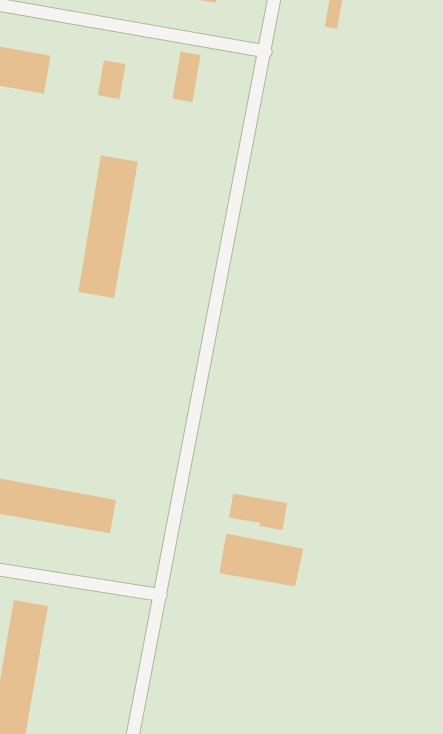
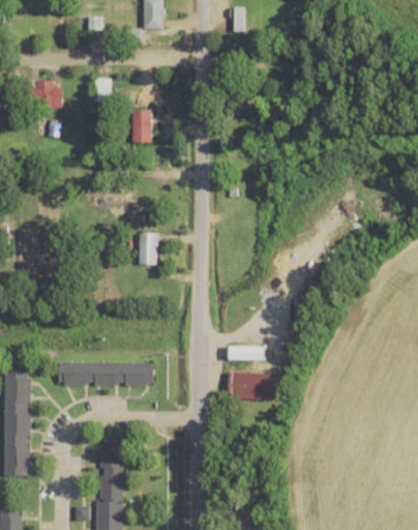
building: [171,51,201,103] -> [137,110,151,142]
building: [78,154,139,299] -> none
building: none -> [139,232,157,264]

